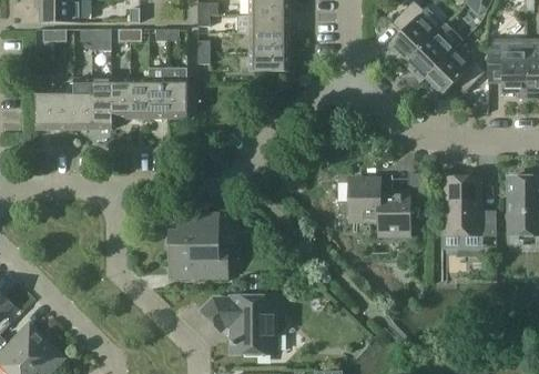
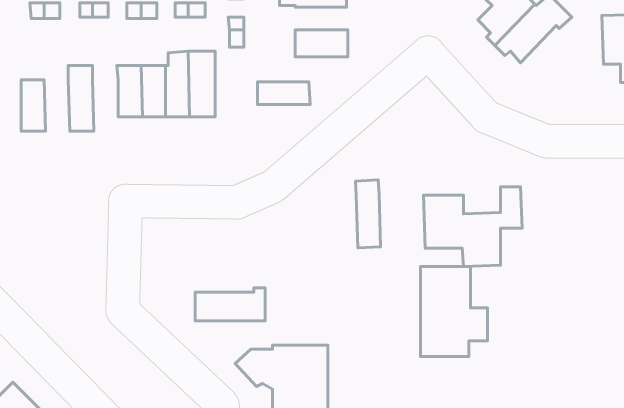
building: [250,33,291,51] -> [258,82,310,105]
building: [425,48,486,99] -> none
building: [92,79,113,130] -> none
building: [54,90,74,130] -> none
building: none -> [355,180,381,248]
building: [444,179,496,249] -> [420,267,488,356]
building: [170,215,217,255] -> none

